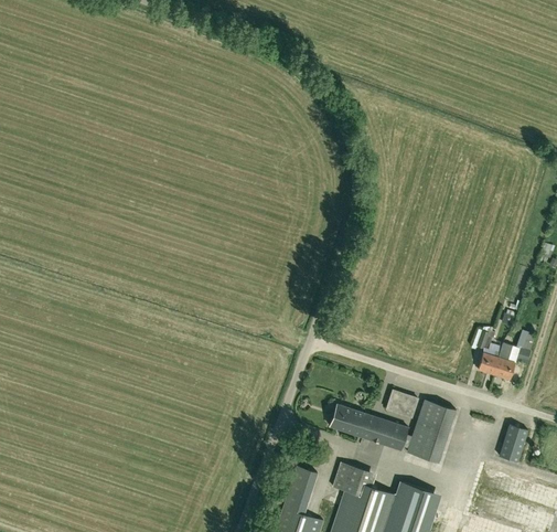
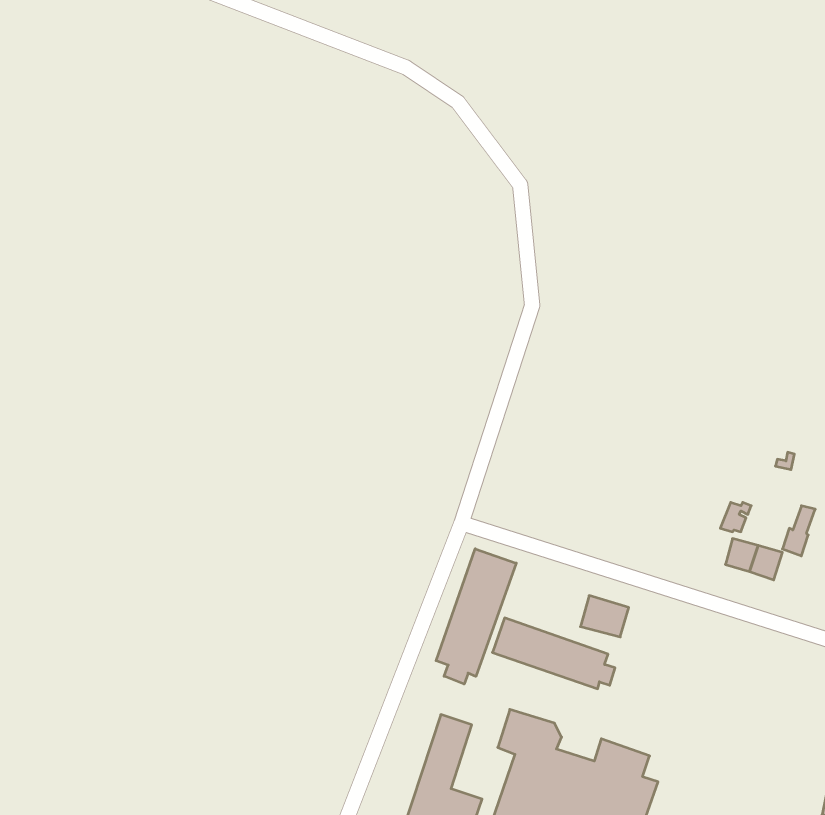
building: none -> [436,549,516,684]
building: [406,394,457,456] -> none
building: [500,424,528,461] -> none

